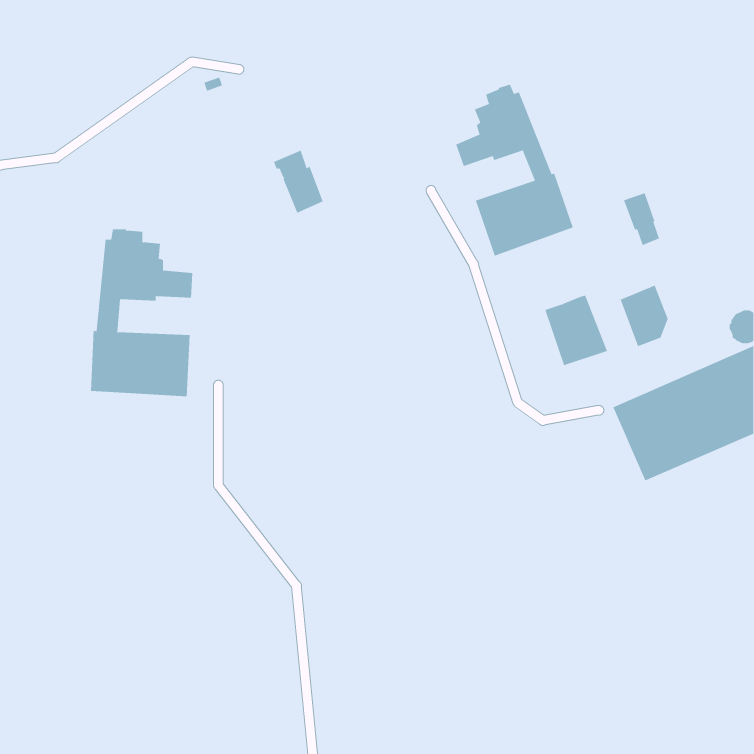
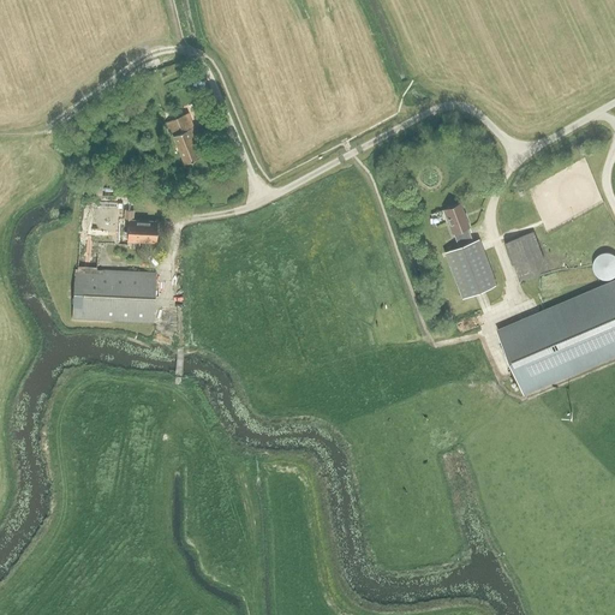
building: [455,84,574,257] -> none
building: [273,150,323,213] -> [166,113,207,165]
building: [623,193,660,246] -> [442,204,472,247]

